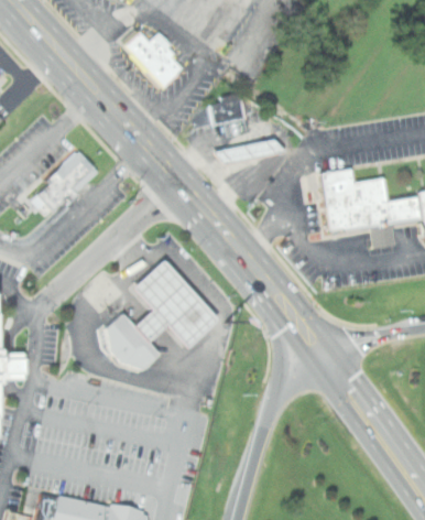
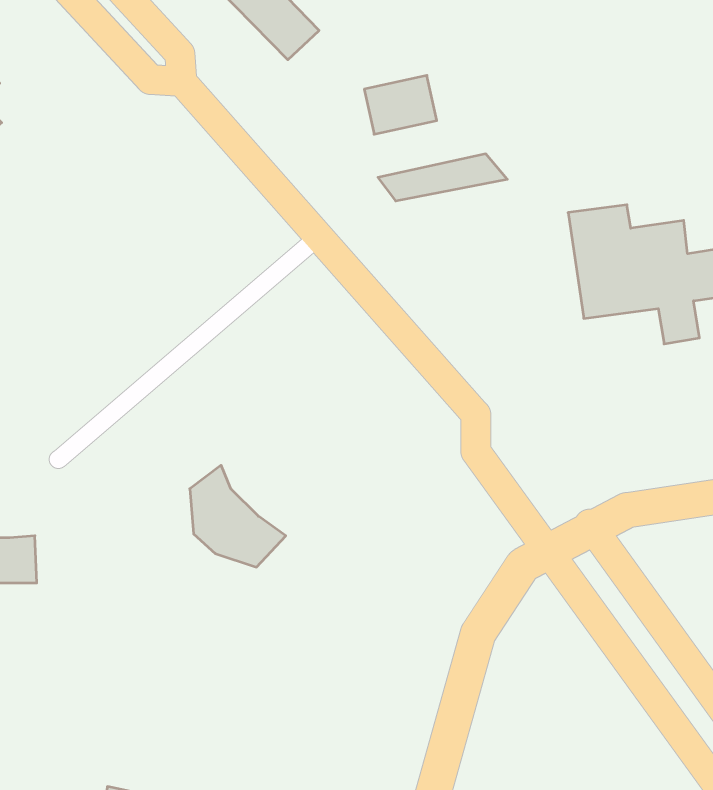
building: [31,152,99,213] -> none
building: [132,260,217,347] -> none

